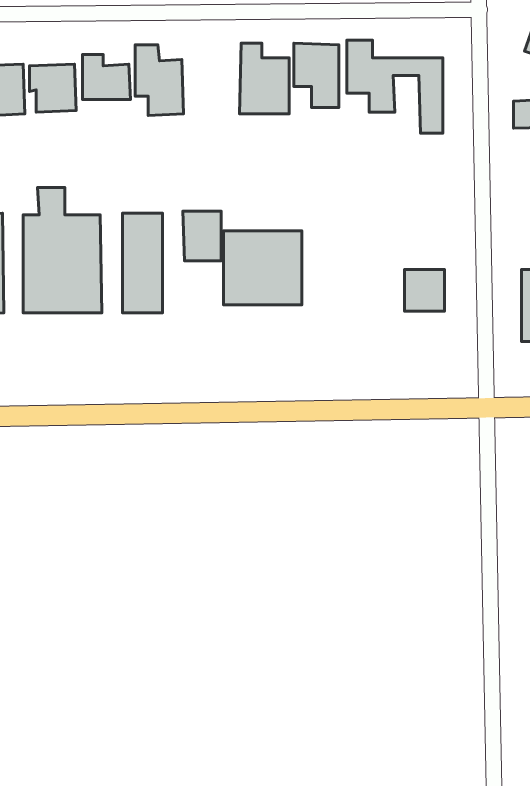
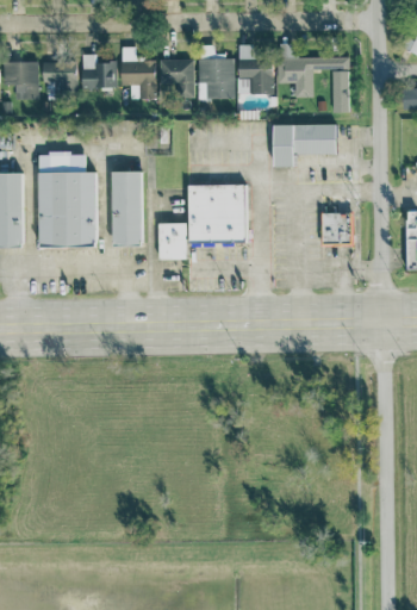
building: none -> [161,58,194,97]
building: none -> [272,124,336,166]
building: [183,211,221,261] -> [157,223,186,260]

